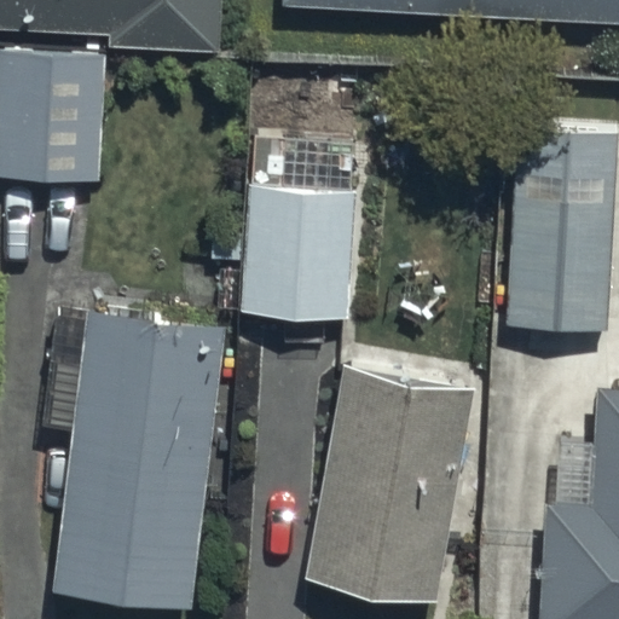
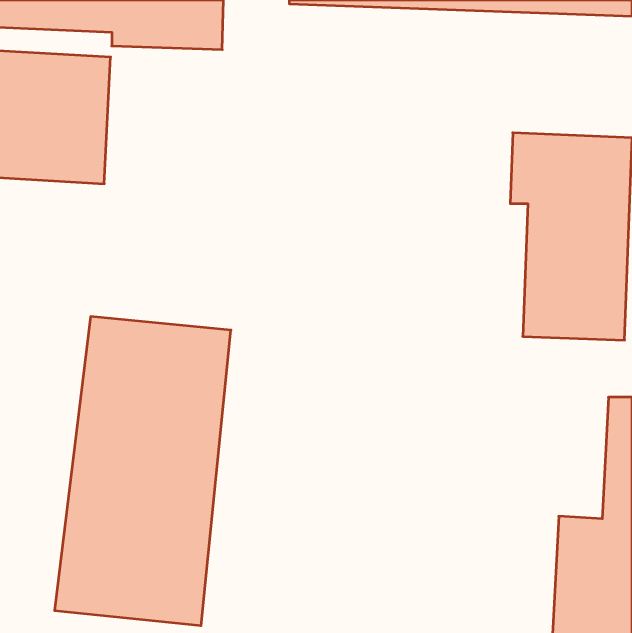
building: [242,187,353,318] -> none
building: [302,365,476,604] -> none

